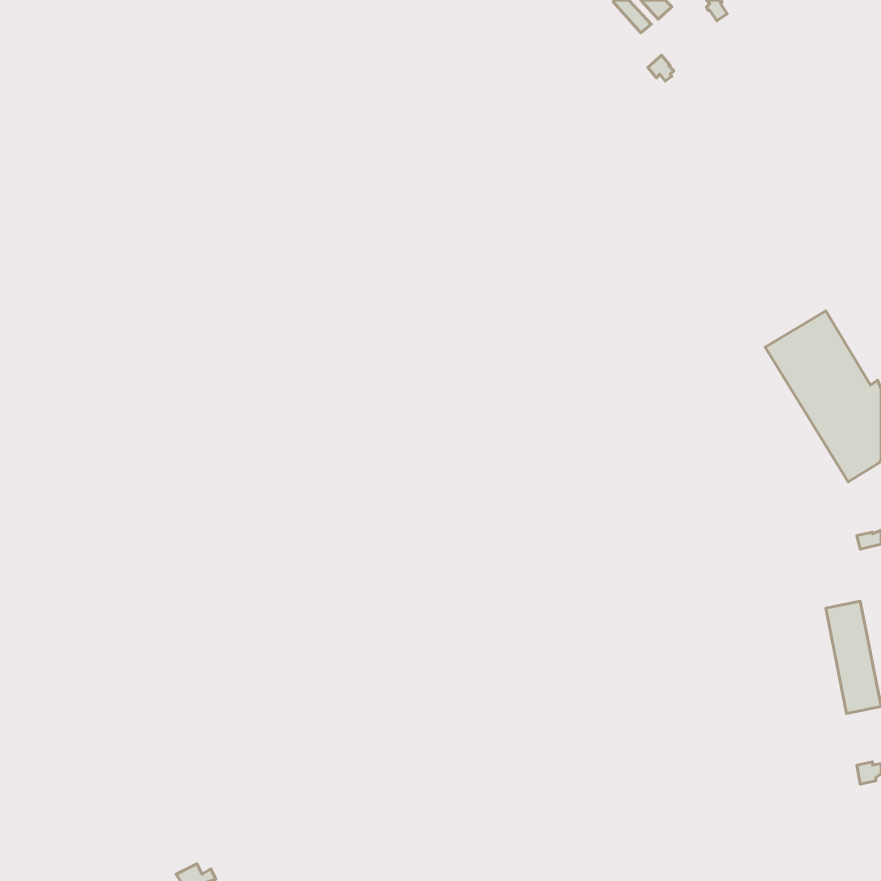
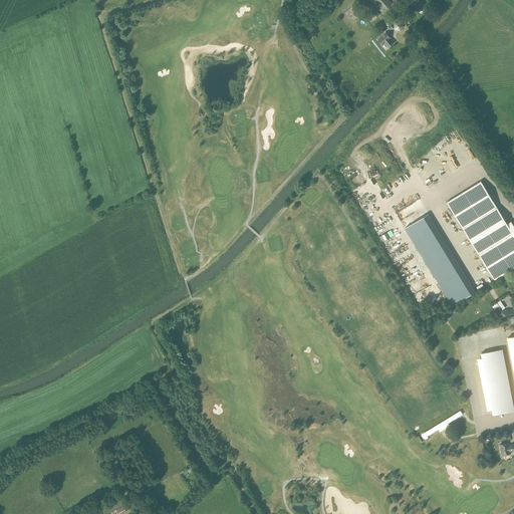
building: none -> [404,215,474,307]

